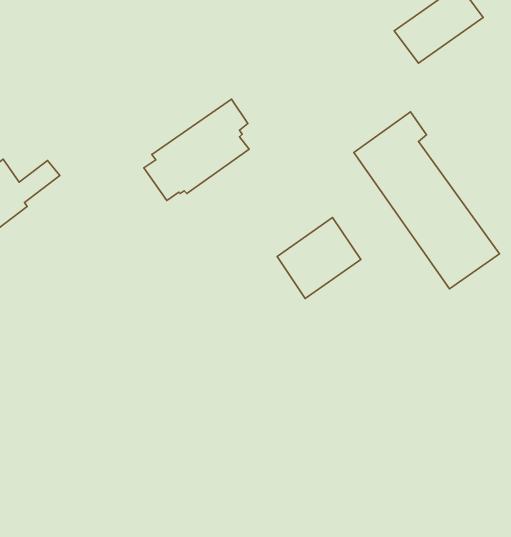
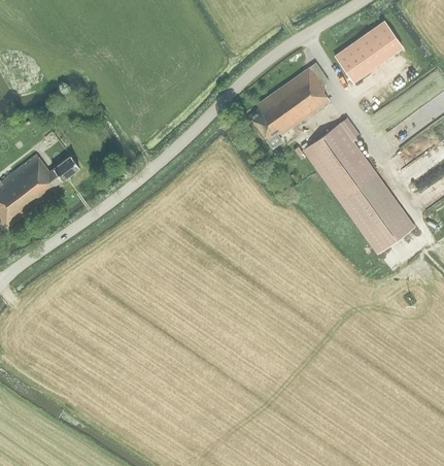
building: [144,99,249,200] -> [248,63,329,140]
building: [277,218,361,299] -> none

